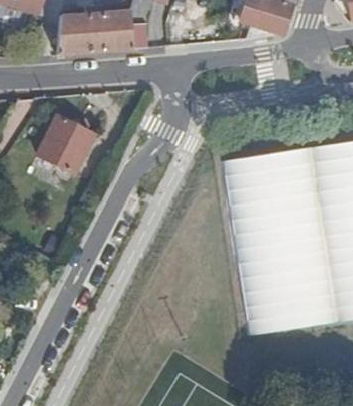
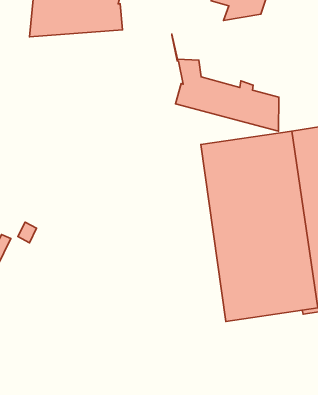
building: none -> [172,34,279,131]
building: [40,117,94,173] -> none

